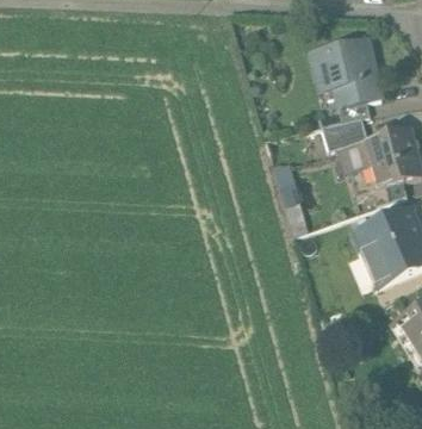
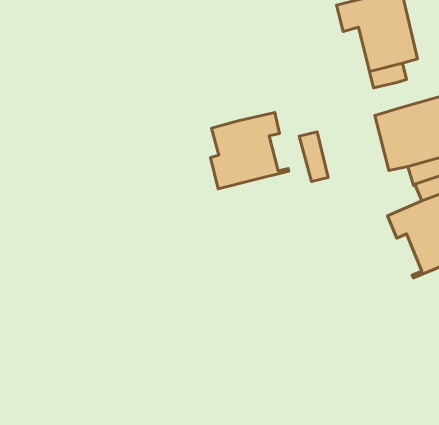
building: [323,116,367,149] -> none
building: none -> [211,112,289,189]

